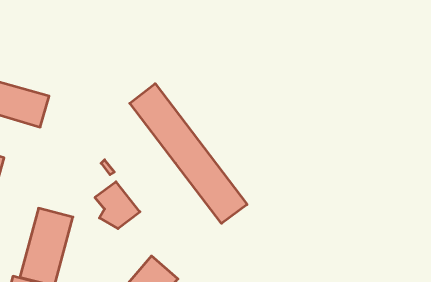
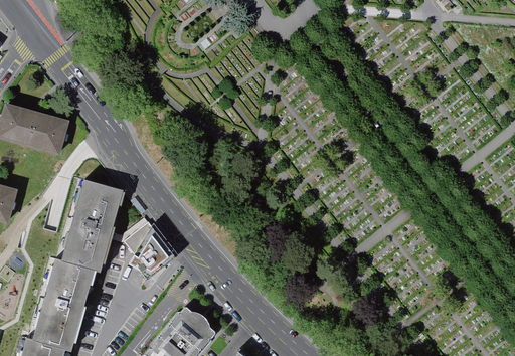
building: [130,84,247,223] -> none
building: none -> [64,181,122,264]

